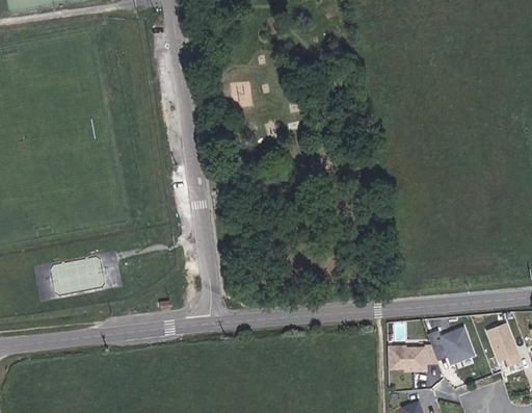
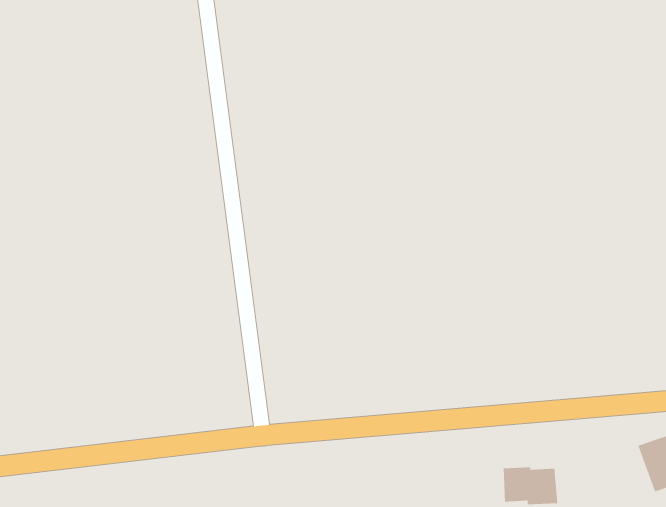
building: [438,326,475,364] -> none

